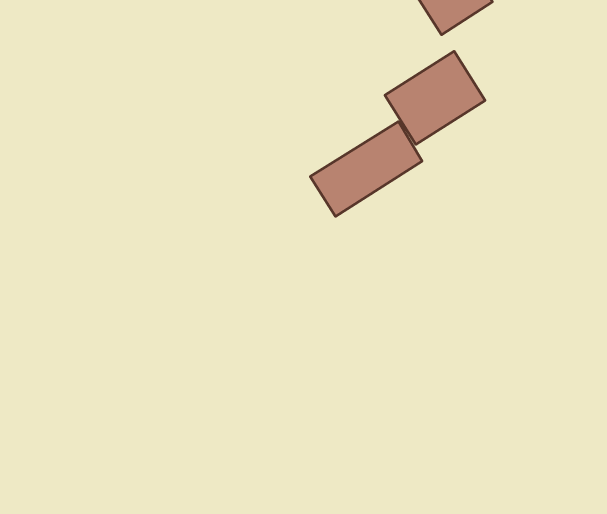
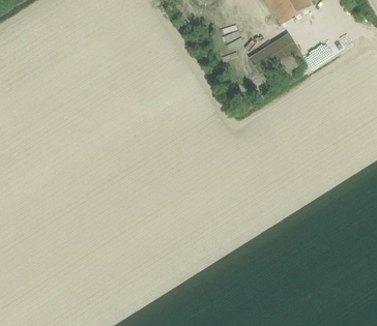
building: [310,121,422,217] -> none

